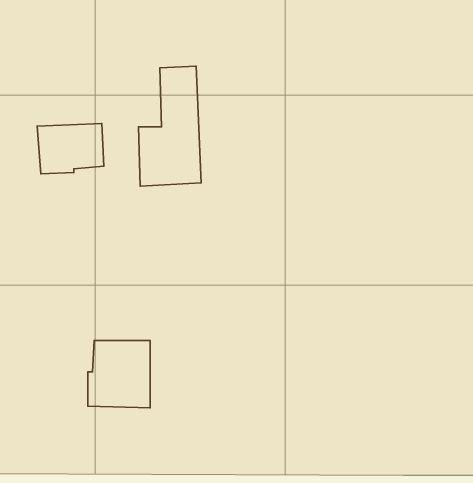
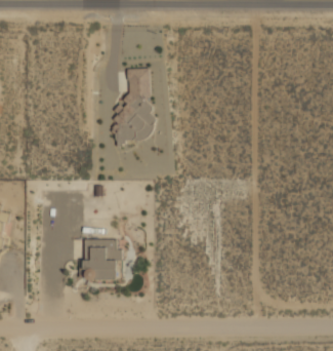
building: [37,123,104,174] -> none

